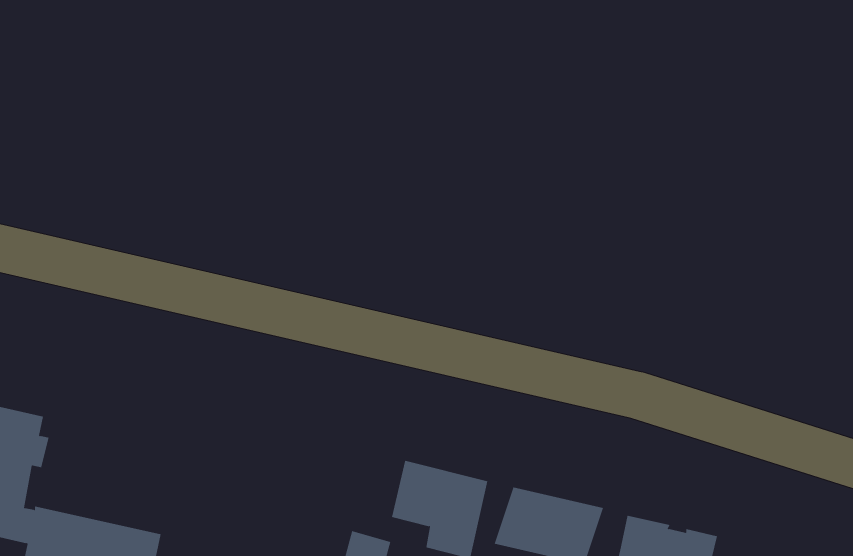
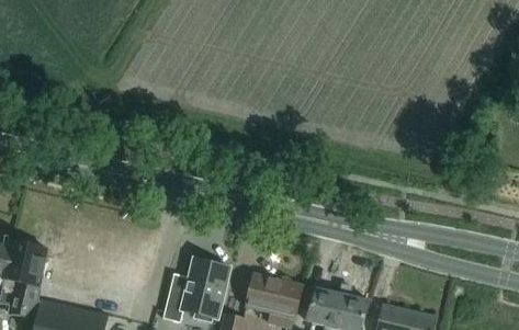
building: none -> [162,259,229,322]

